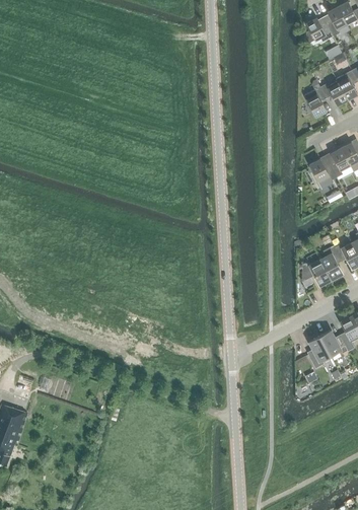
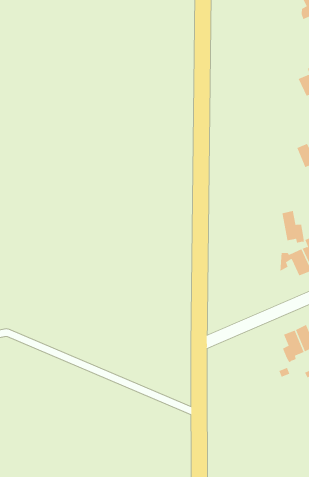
building: none -> [282,210,305,243]

